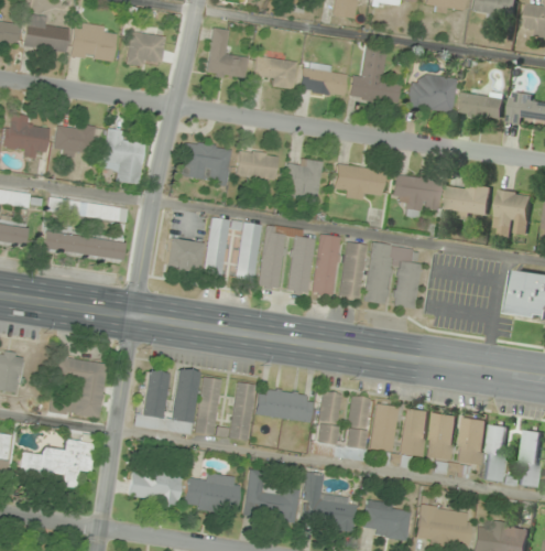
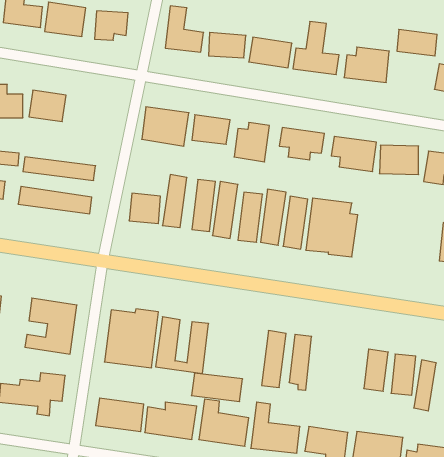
building: [460,90,505,120] -> [397,29,437,56]
building: [101,128,145,185] -> none
building: [257,389,314,421] -> [191,373,243,402]
building: [370,404,399,464] -> none
building: [397,409,429,467] -> none

